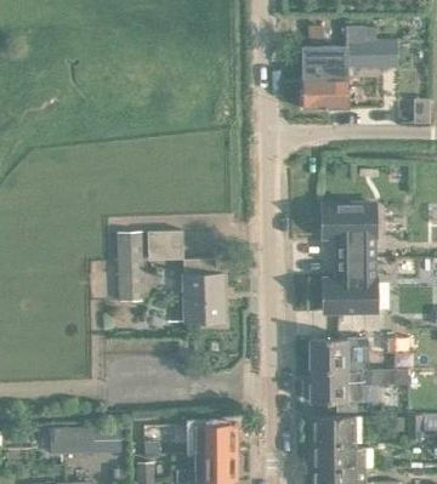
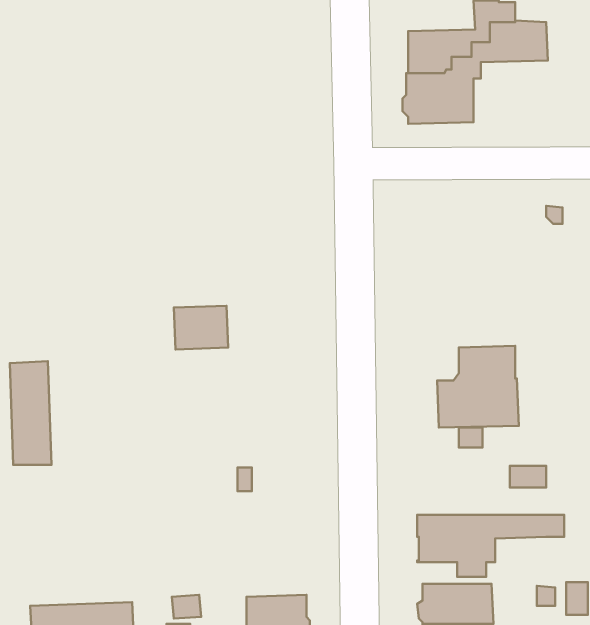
building: [322,204,376,258] -> none
building: [117,232,144,301] -> [10,361,51,465]
building: [183,258,225,321] -> none
building: [310,338,347,370] -> none

